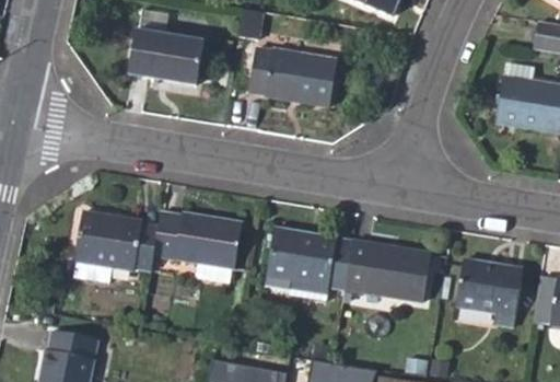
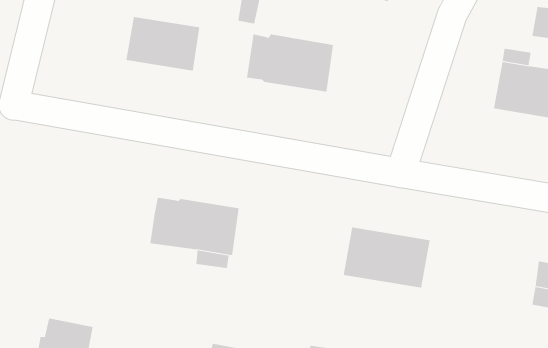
building: [74,212,156,283] -> none
building: [264,229,353,301] -> none
building: [456,259,522,327] -> none

